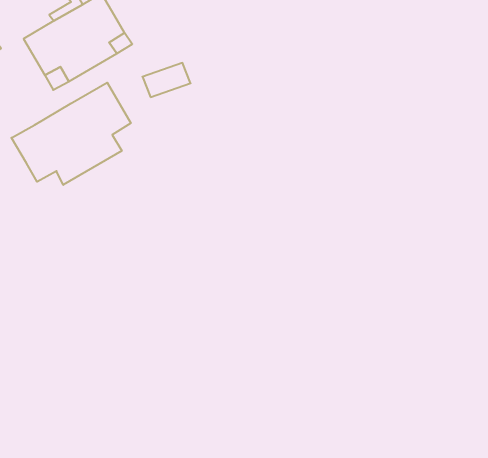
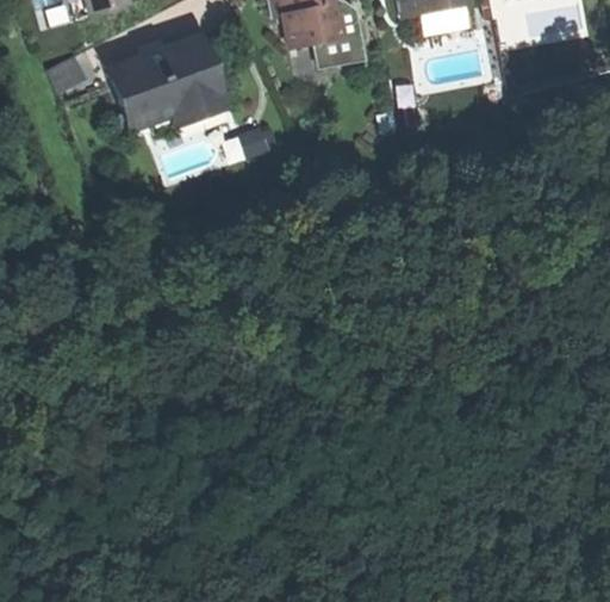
building: [11,83,131,185] -> none

